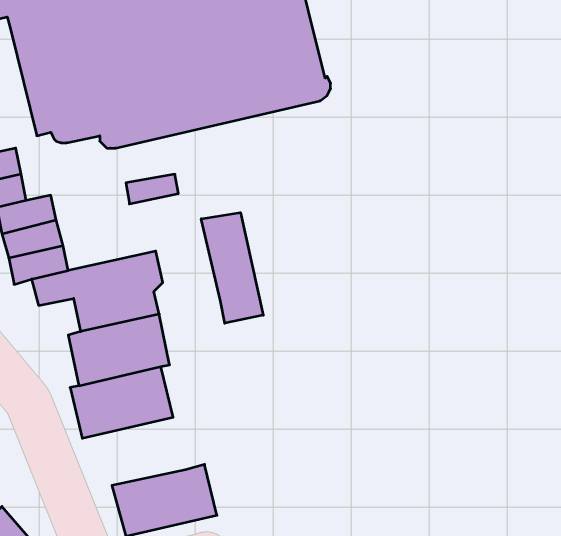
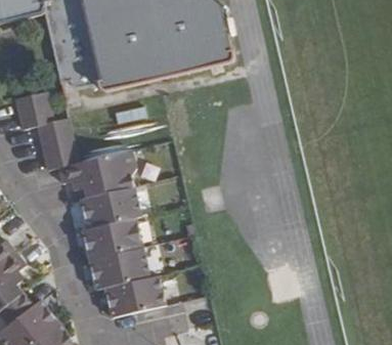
building: [201,213,263,323] -> none
building: none -> [86,246,146,288]

